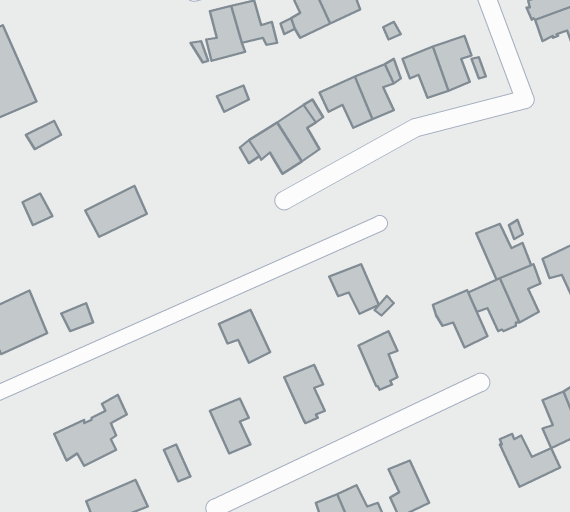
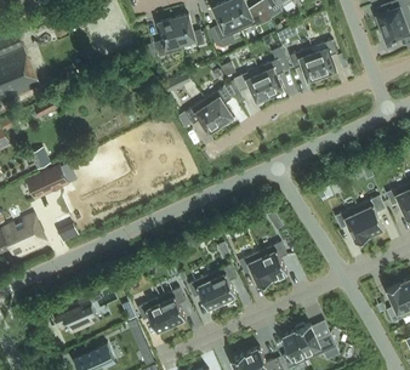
building: [85,186,147,237] -> [25,165,68,200]
building: [476,224,531,279] -> none
building: [329,264,379,314] -> [239,252,273,286]
building: [433,290,488,347] -> none
building: [219,310,270,363] -> [188,274,223,311]
building: none -> [138,297,172,334]
building: [500,434,560,487] -> [296,324,337,360]

